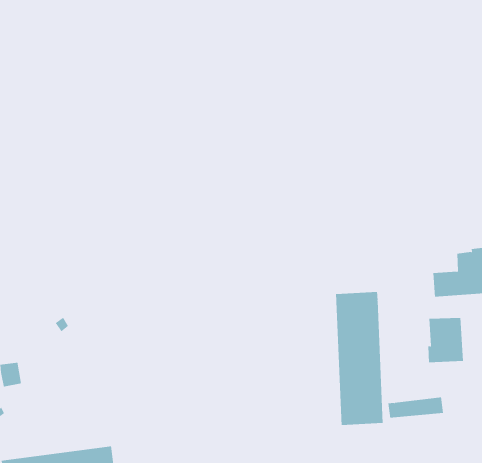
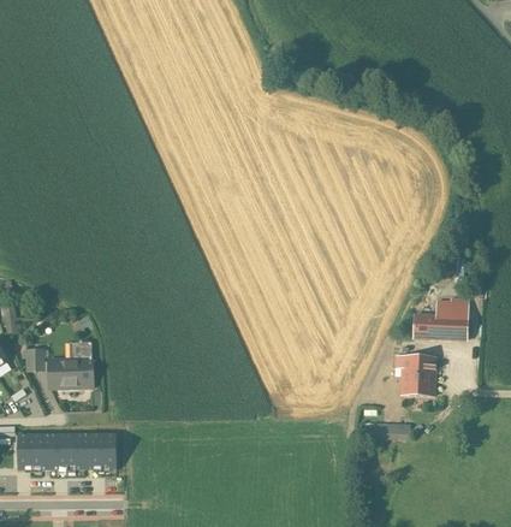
building: [335,291,383,426] -> none
building: none -> [49,341,93,389]

